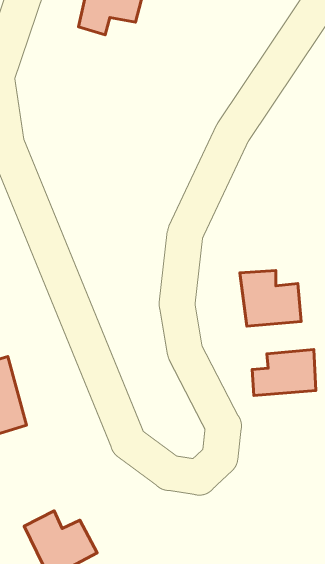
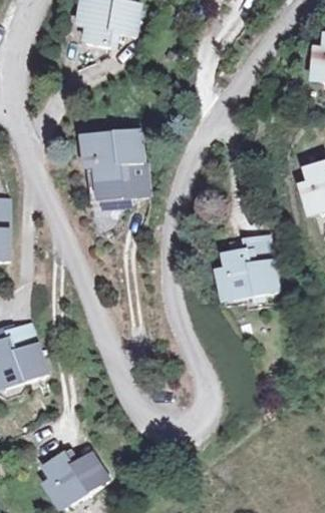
building: none -> [93,128,143,202]
building: [252,350,316,396] -> none

